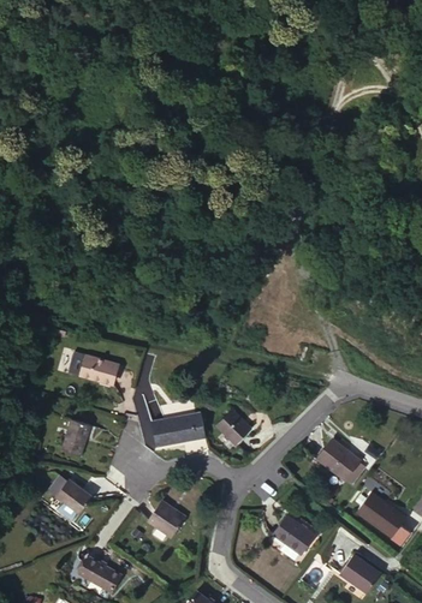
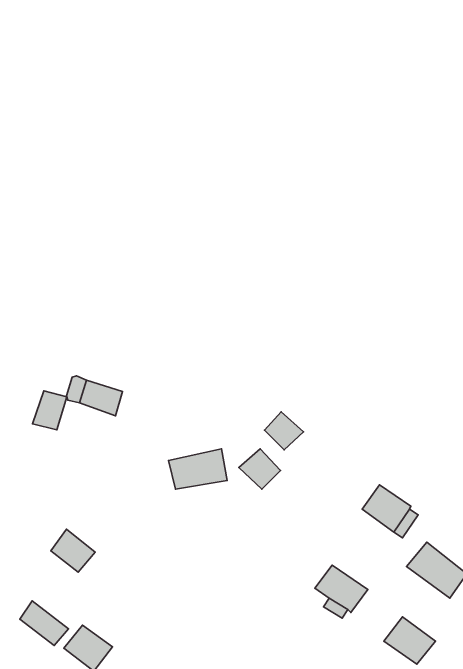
building: none -> [264,412,304,450]
building: [66,419,95,452] -> [32,391,67,430]
building: [150,497,191,536] -> none
building: none -> [20,601,69,645]

